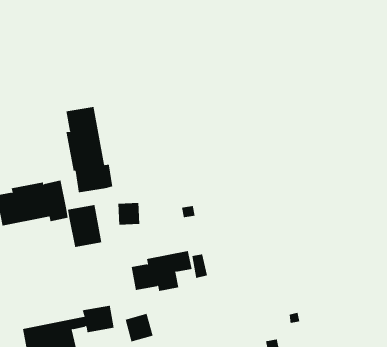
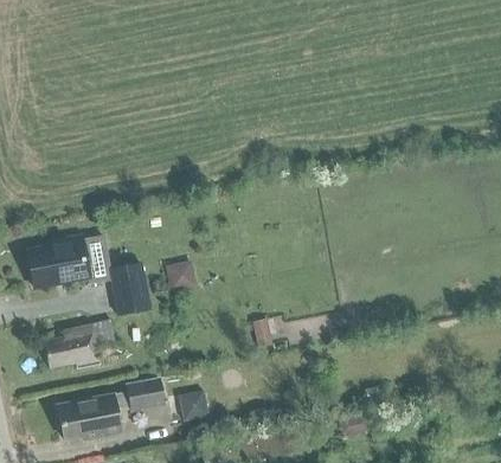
building: [66,106,113,193] -> none
building: [131,251,192,292] -> [44,322,115,369]

